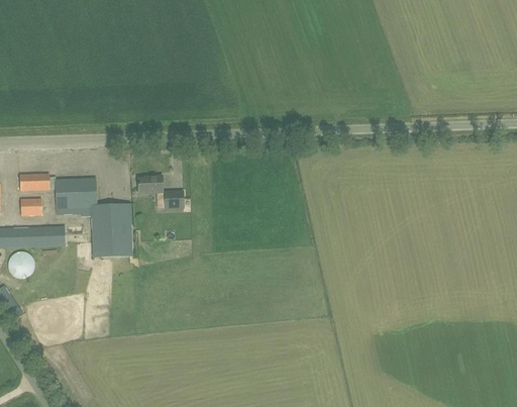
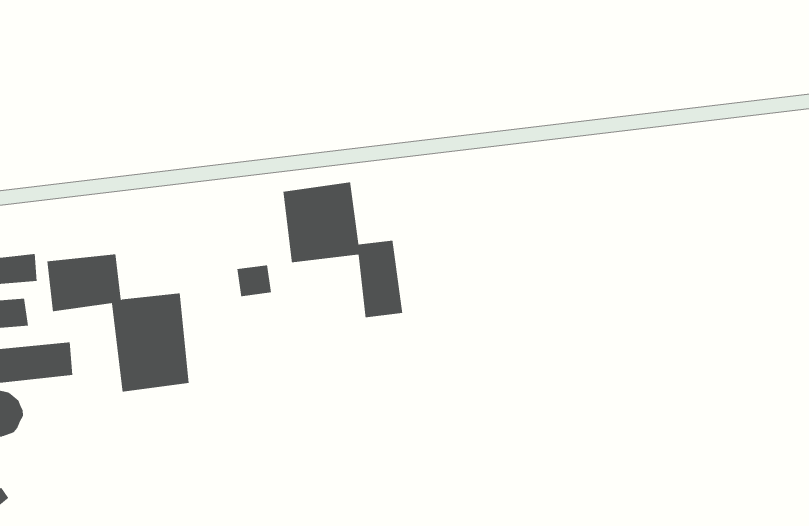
building: none -> [283,181,403,318]
building: [137,176,162,192] -> none

